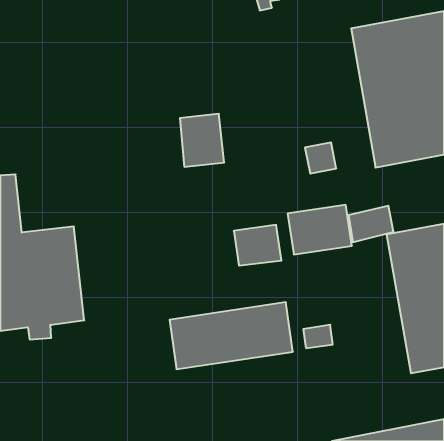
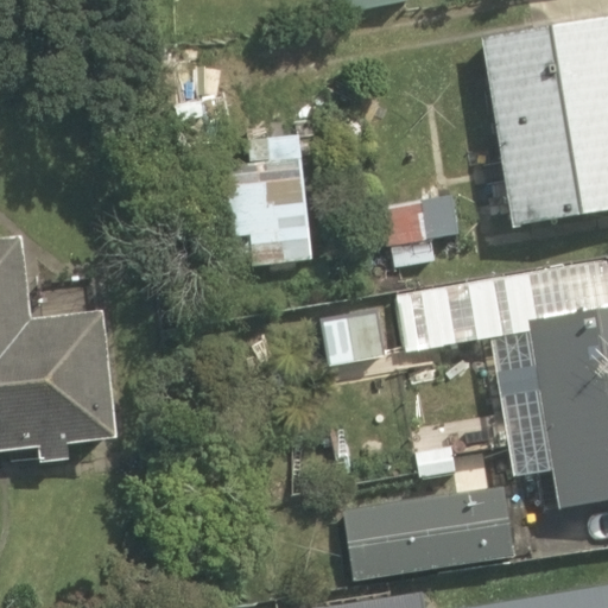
building: [170,302,293,369] -> [341,486,509,577]

